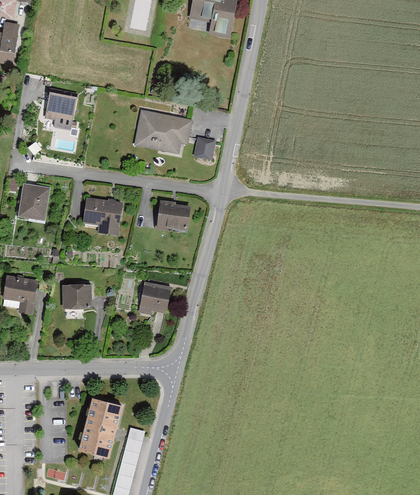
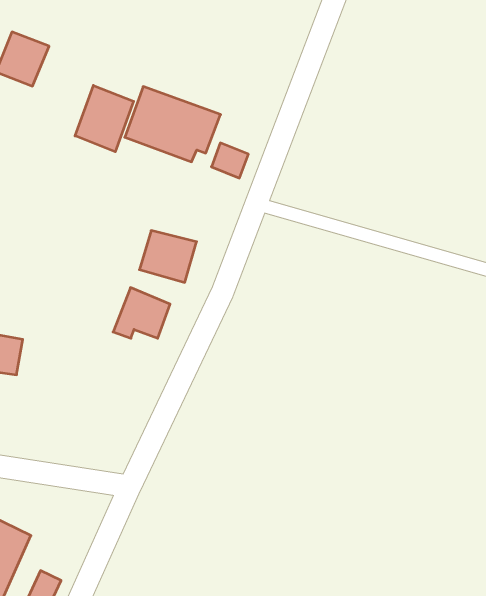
building: none -> [75,85,134,152]
building: [83,198,121,235] -> none
building: [138,282,171,314] -> [113,288,170,338]

